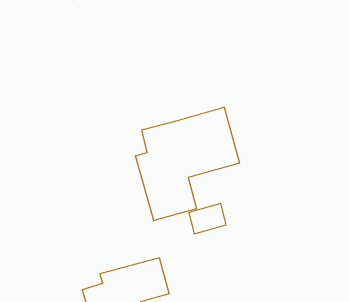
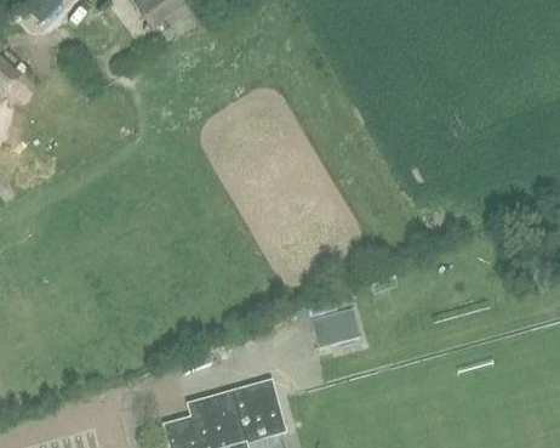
building: [135,107,239,221] -> none

